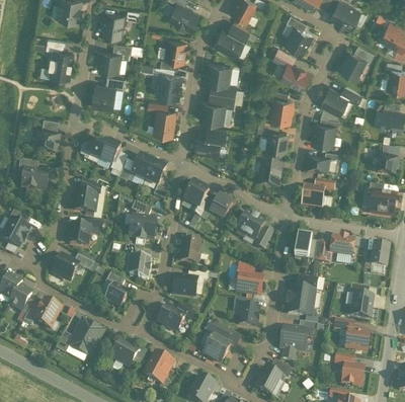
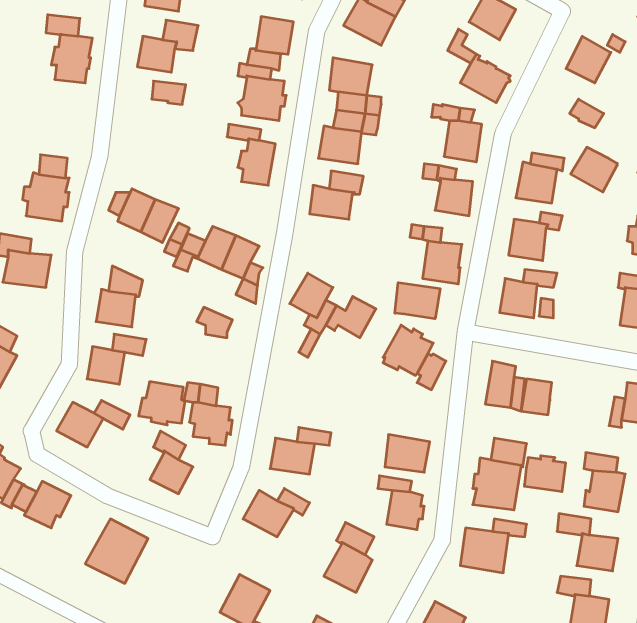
building: [93,82,115,106] -> none
building: [321,86,347,111] -> [571,147,617,192]
building: none -> [395,283,440,319]
building: [130,217,156,241] -> [139,382,185,425]
building: [331,237,354,257] -> [524,456,566,492]
building: [180,240,200,263] -> none
building: [111,341,140,367] -> none

